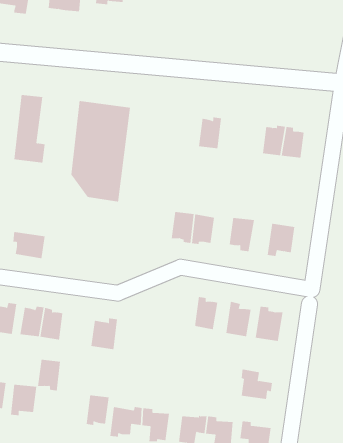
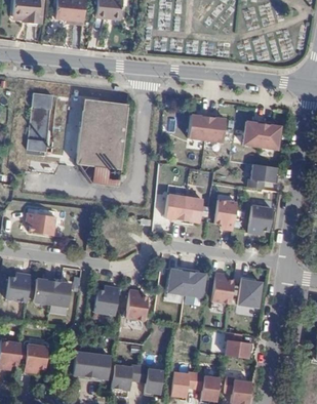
building: none -> [205,114,225,143]
building: none -> [247,164,277,189]
building: none -> [167,268,188,294]
building: none -> [125,289,148,320]
building: [37,359,61,391] -> [73,352,93,379]

